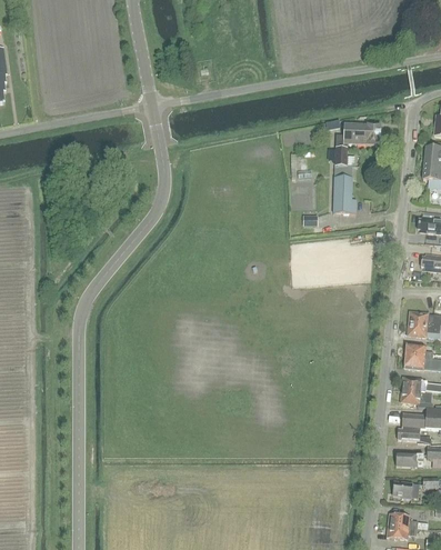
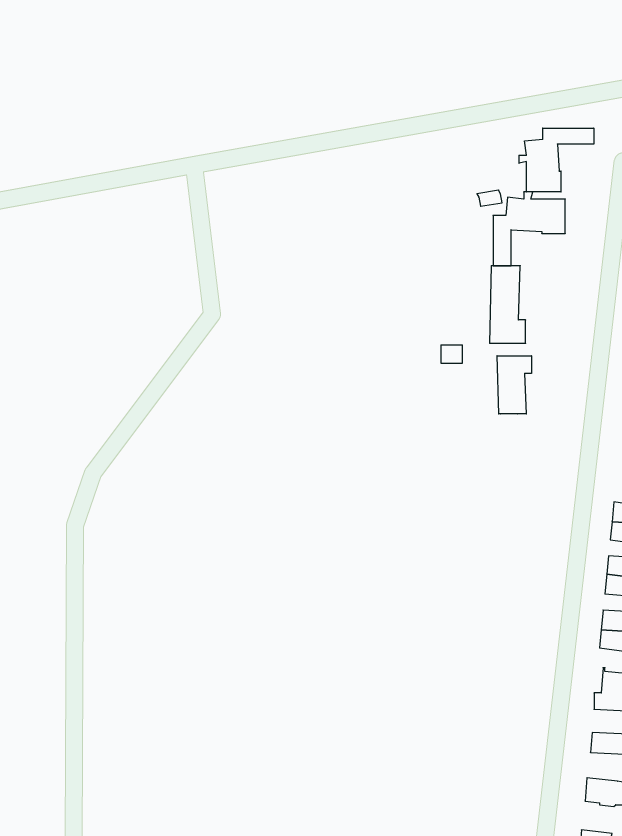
building: none -> [519,128,594,192]
building: none -> [497,356,531,414]

